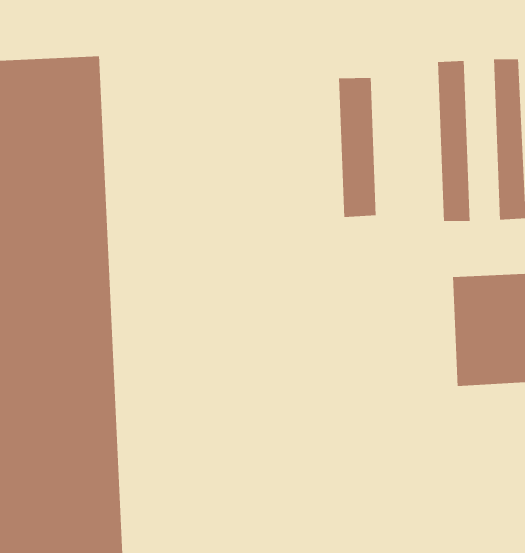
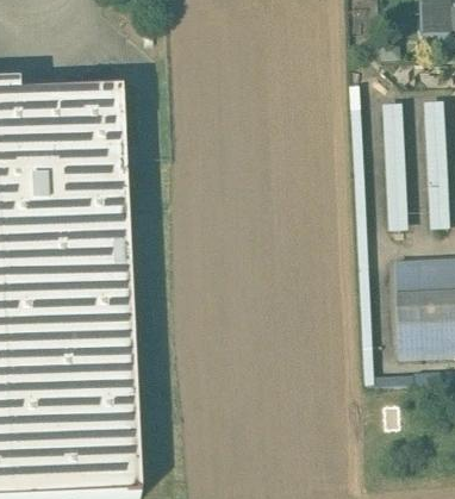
building: [338,77,377,218] -> none

